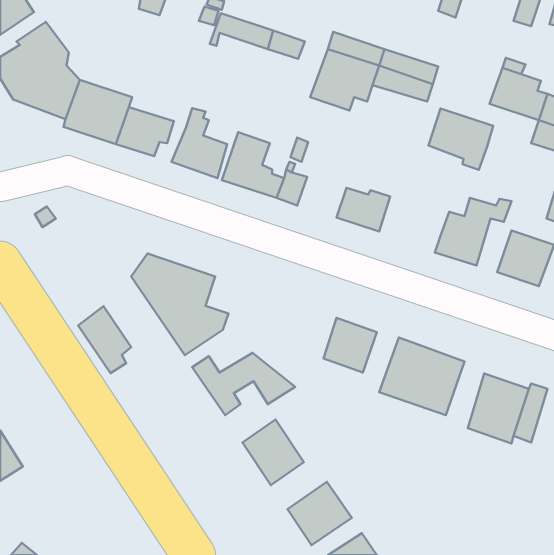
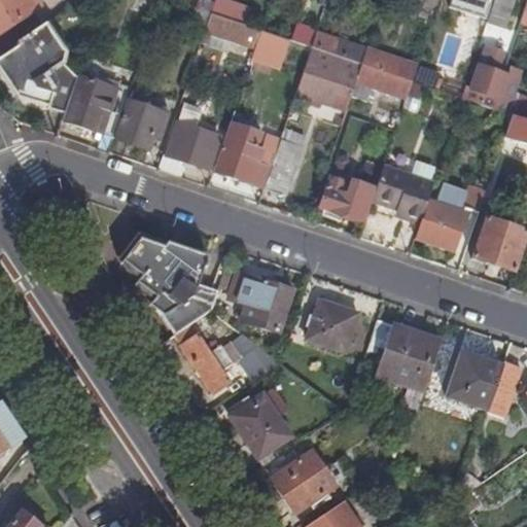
building: [429,109,493,170] -> [372,165,432,222]
building: none -> [232,273,293,331]
building: [78,306,131,373] -> none

